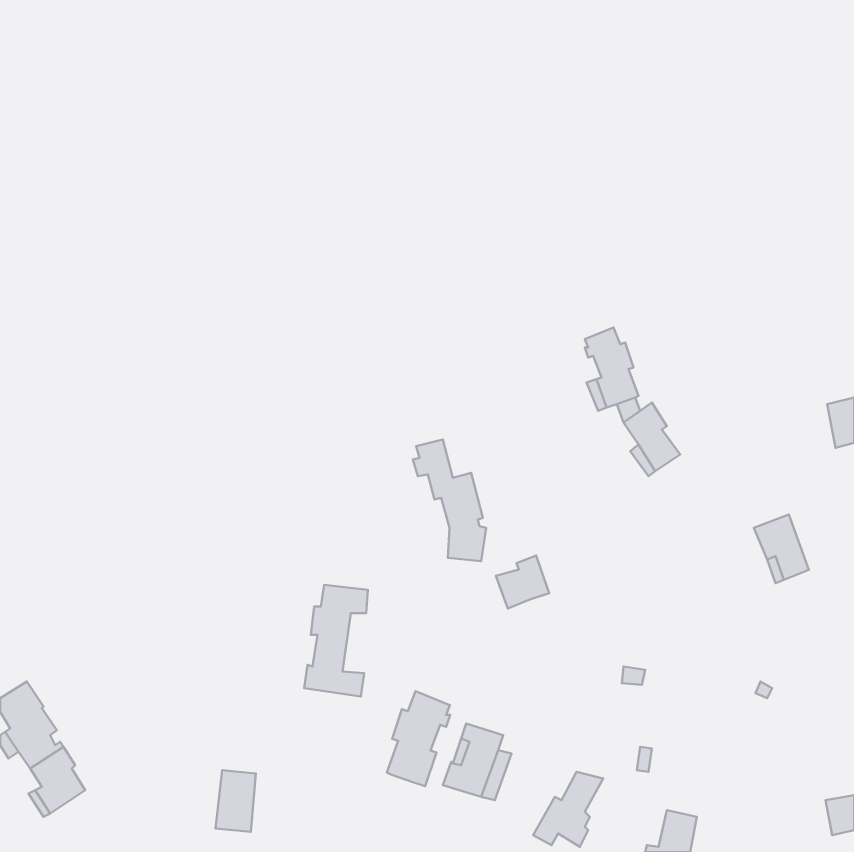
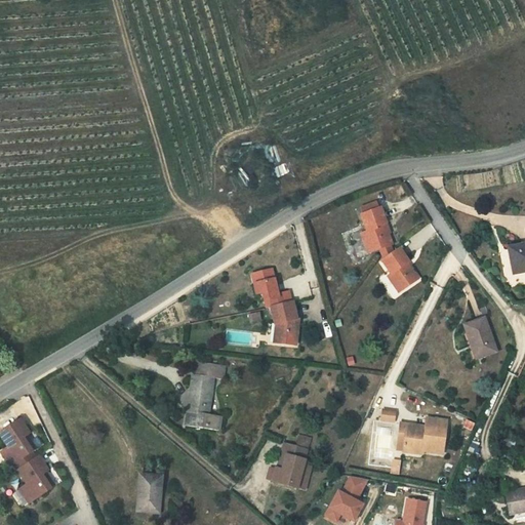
building: [496,556,549,608] -> none
building: none -> [403,416,448,450]
building: [387,691,450,786] -> none

